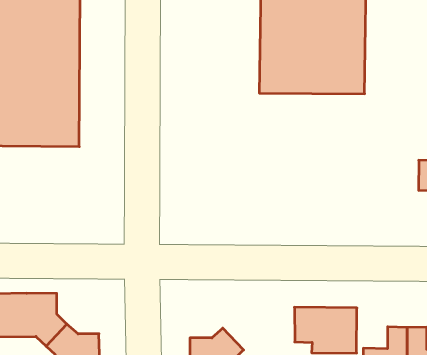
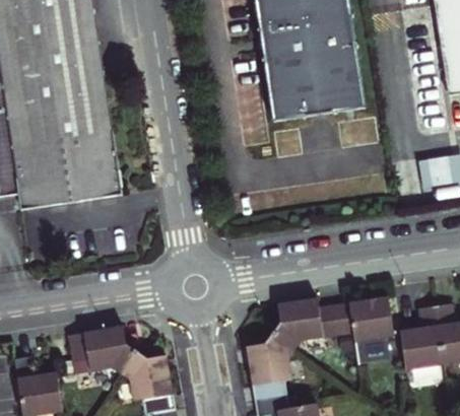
building: none -> [273,297,338,349]

